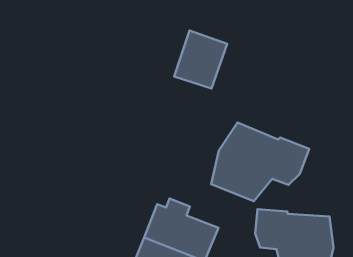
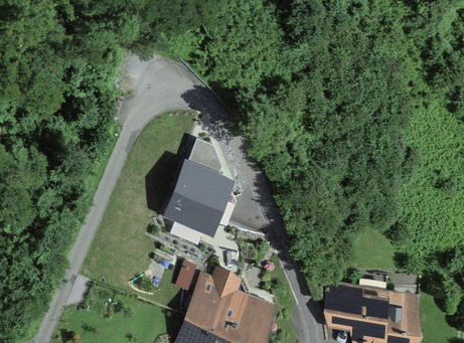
building: [174,31,227,89] -> [168,160,234,231]
building: [211,122,309,201] -> none

